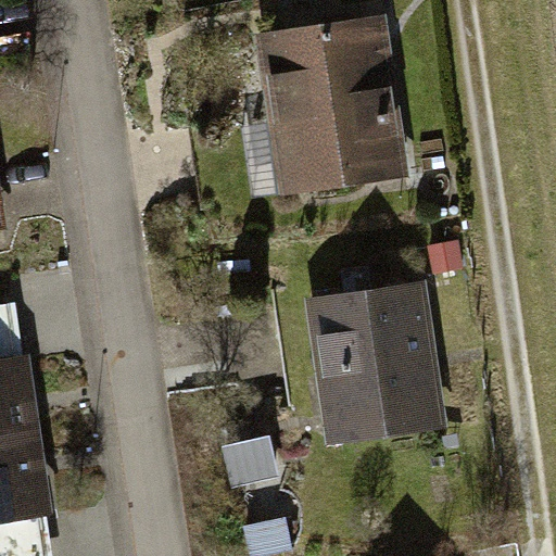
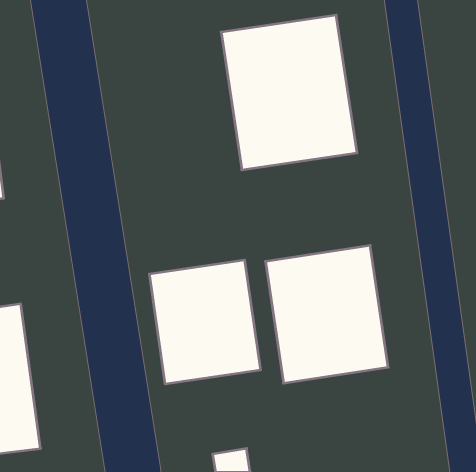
building: none -> [149,260,260,384]

